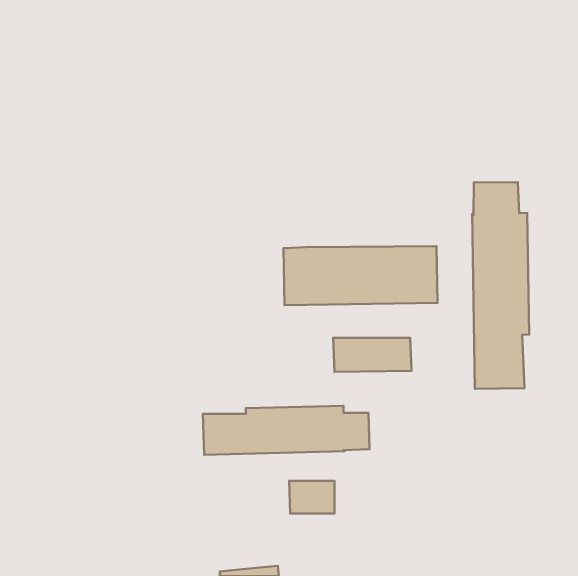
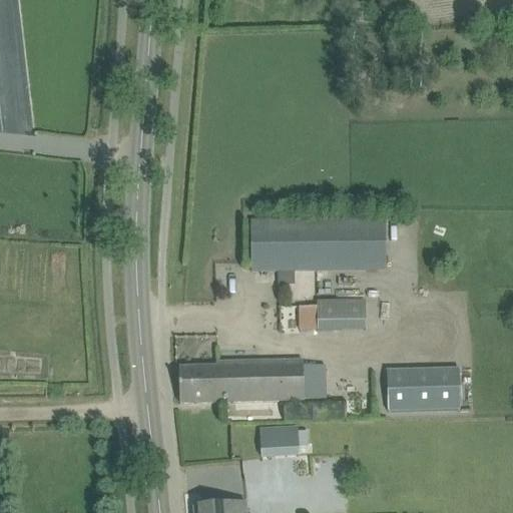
building: [472,182,529,389] -> none
building: none -> [388,367,461,410]

